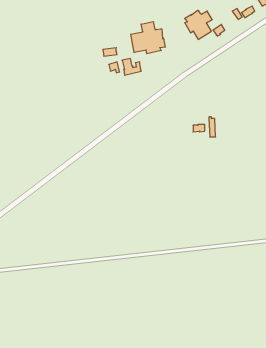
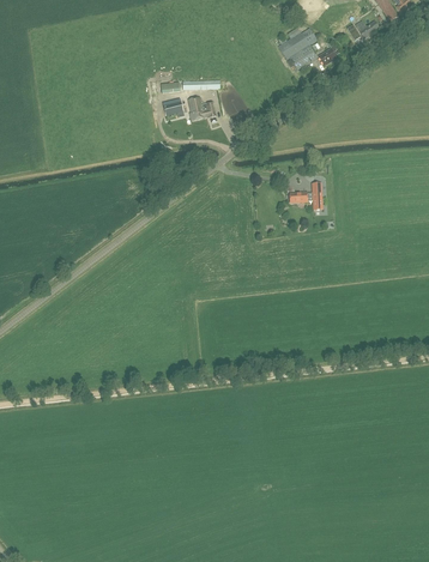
building: [131,22,165,54] -> none

